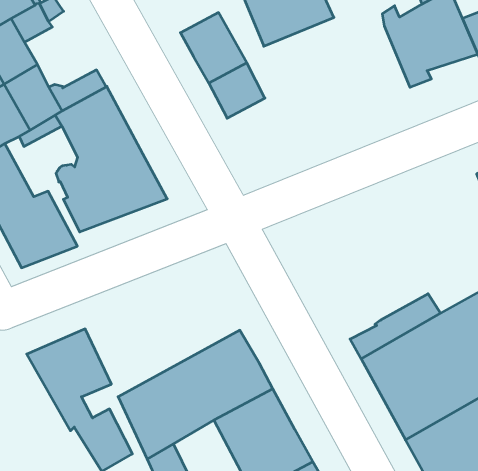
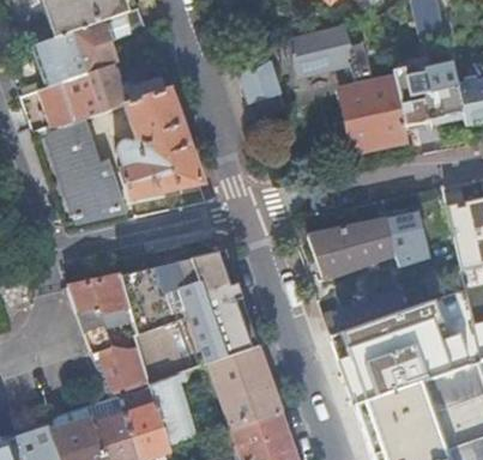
building: none -> [342,78,409,151]
building: none -> [308,211,430,280]
building: none -> [120,253,241,333]

